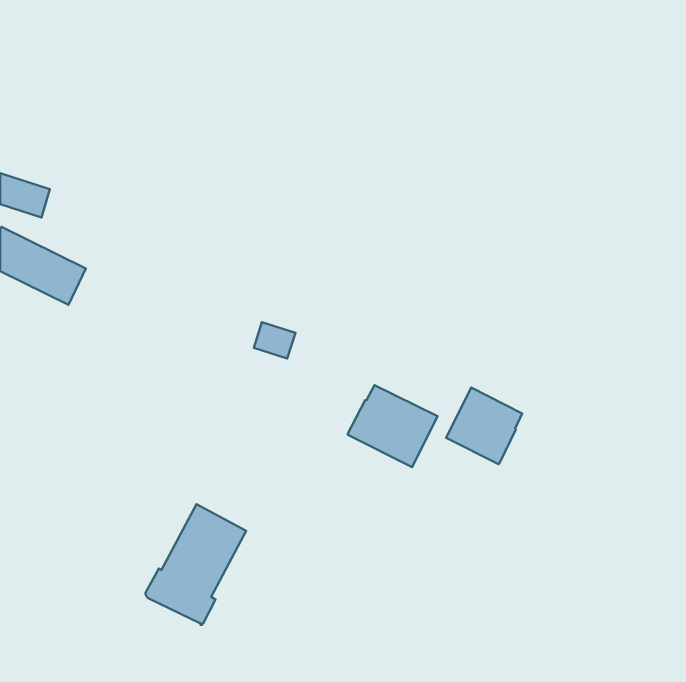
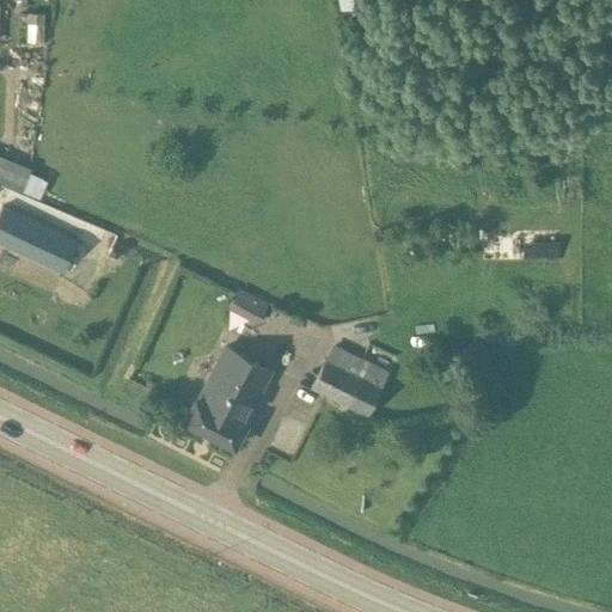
building: [446,387,522,464] -> none
building: [146,504,246,625] -> [184,343,274,451]

